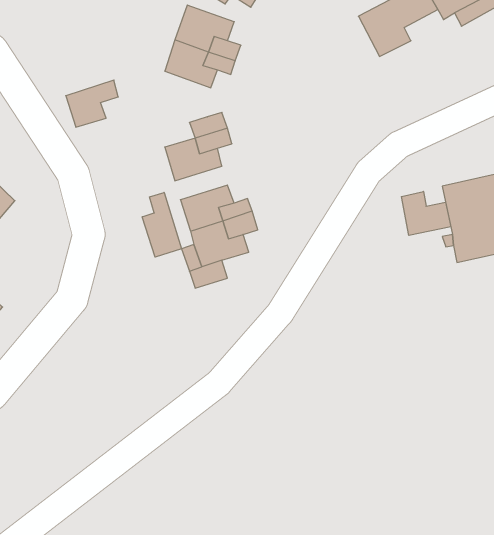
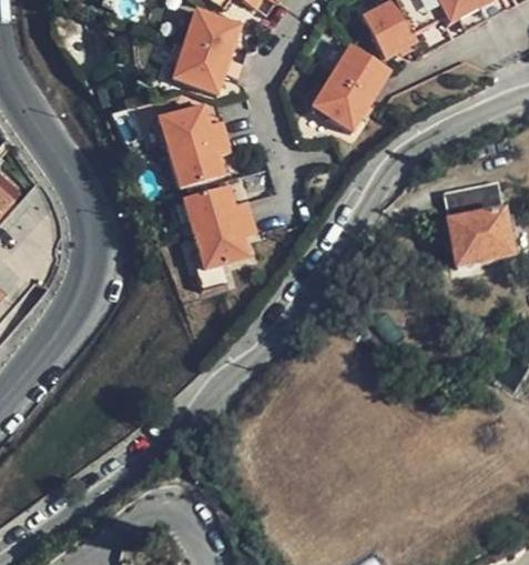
building: none -> [311,46,387,130]
building: [66,80,118,127] -> [159,102,211,149]
building: [401,191,451,235] -> none
building: [142,192,182,257] -> none

